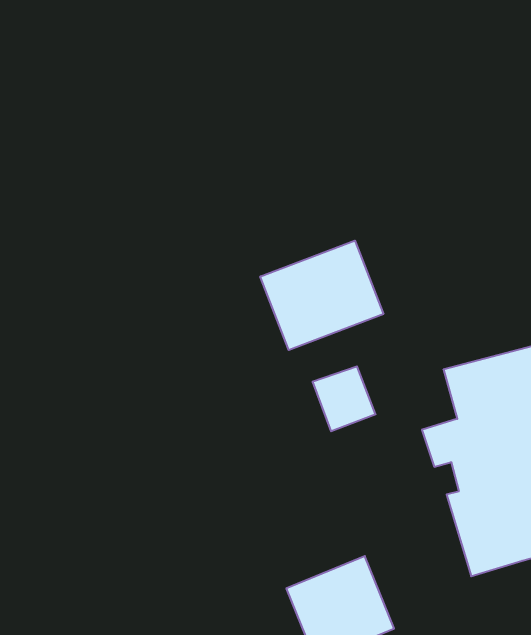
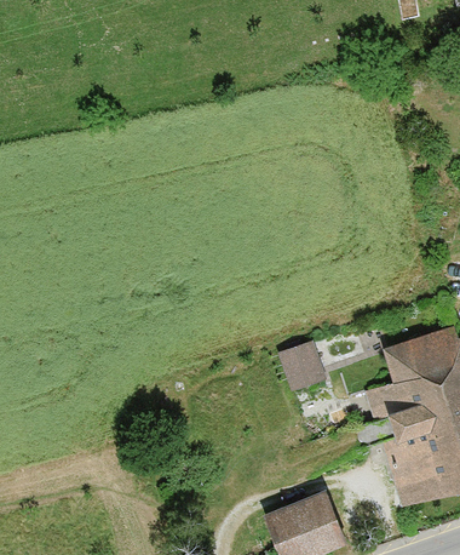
building: [260,241,383,350] -> none

